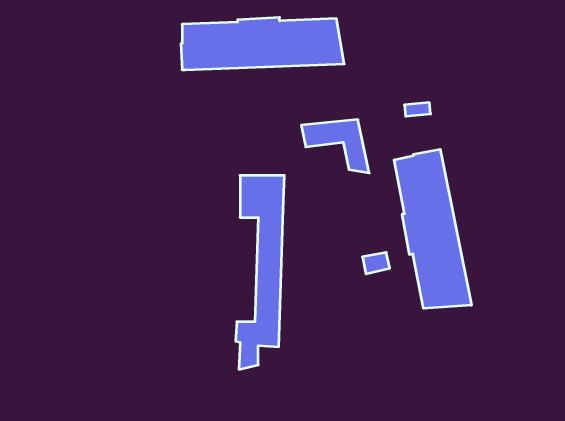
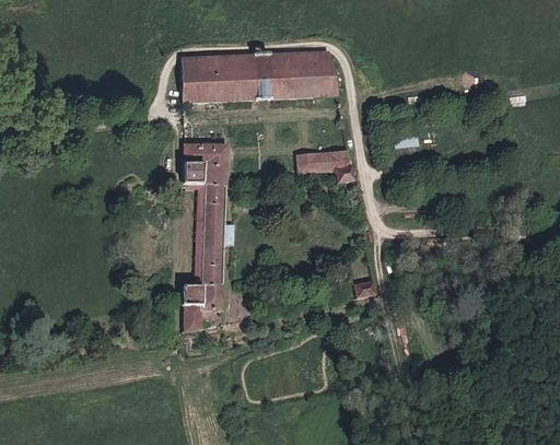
building: [394,149,471,308] -> none
building: [236,175,284,369] -> [179,144,226,331]

